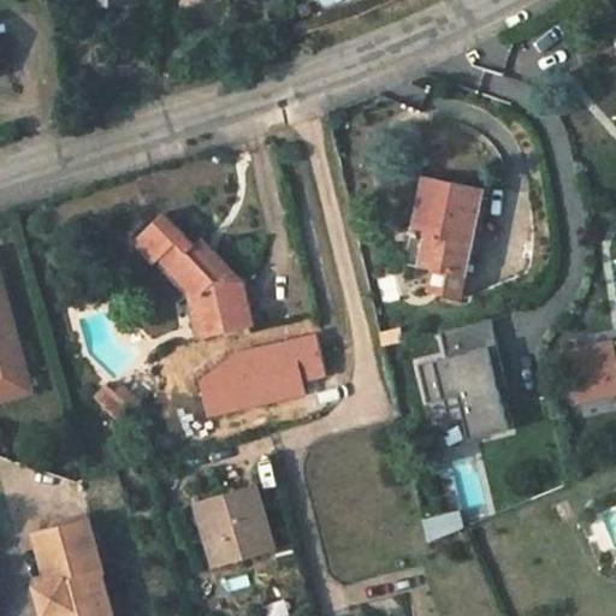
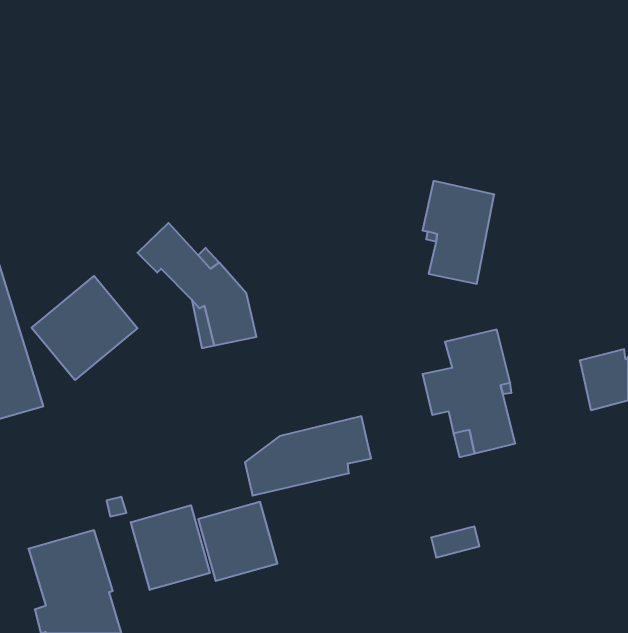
building: none -> [32,276,137,380]
building: [196,337,319,414] -> [245,416,371,496]
building: none -> [131,505,210,590]

